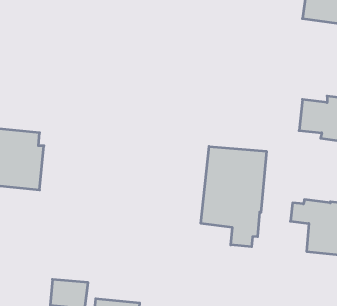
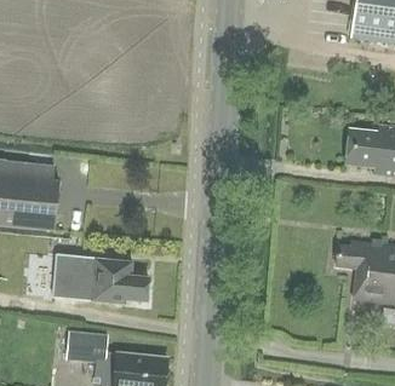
building: [201,146,266,247] -> none
building: none -> [52,254,148,304]

